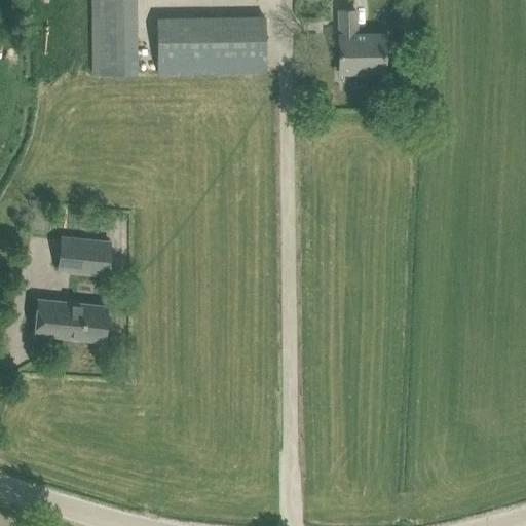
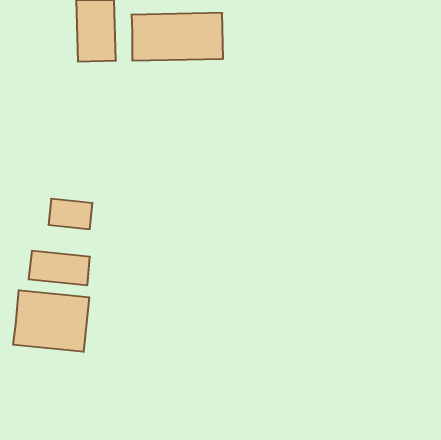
building: [340,11,385,74] -> none
building: none -> [13,290,89,352]

